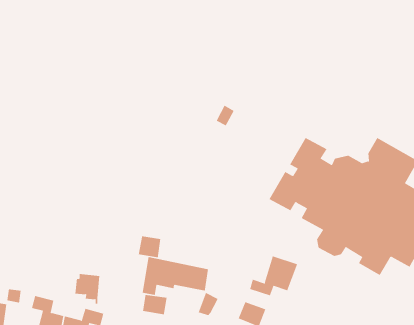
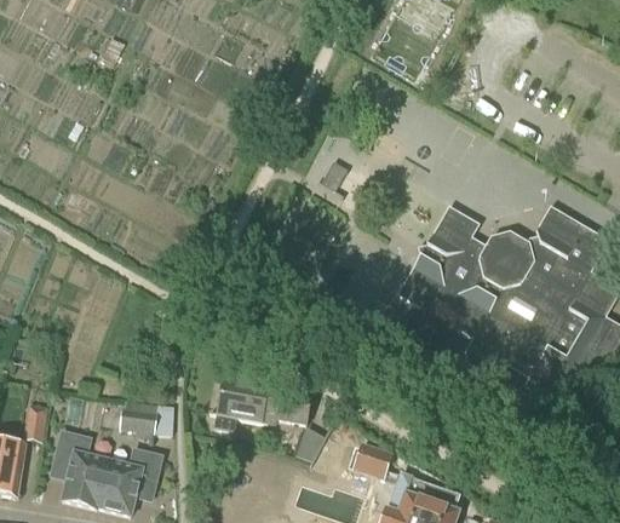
building: [138,236,161,258] -> none
building: [250,255,298,296] -> none
building: [142,294,167,315] -> none

